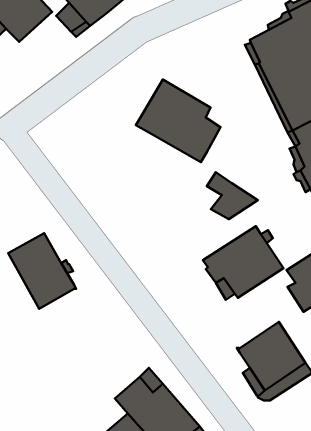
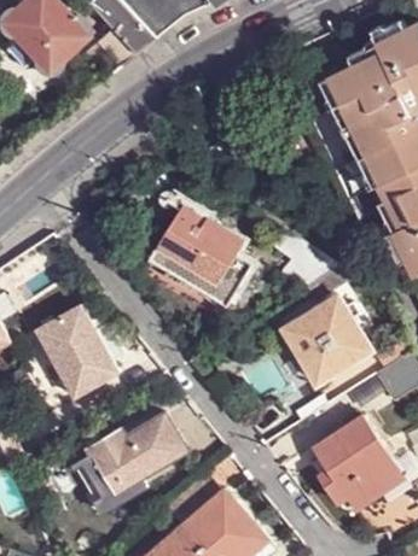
building: [136,79,221,162] -> [149,207,251,308]
building: none -> [76,415,188,513]

